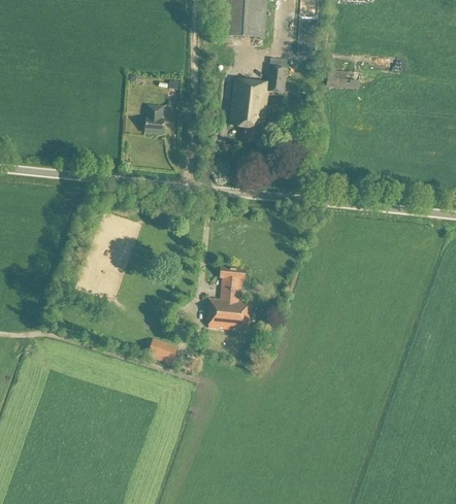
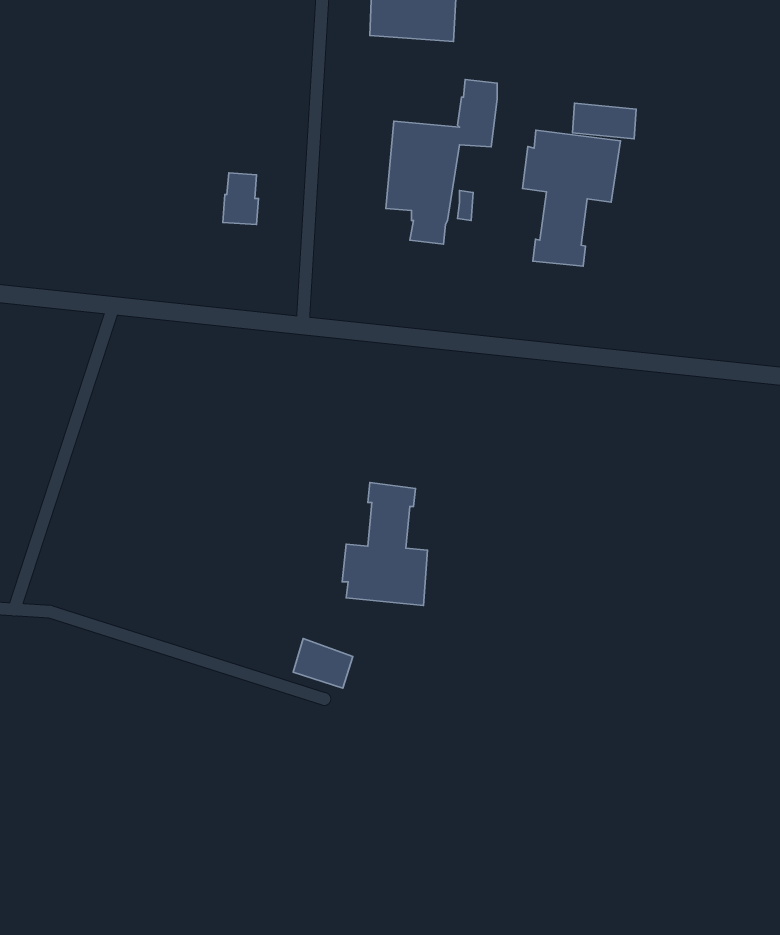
building: none -> [523,130,621,266]
building: [148,337,178,363] -> [293,638,353,688]

